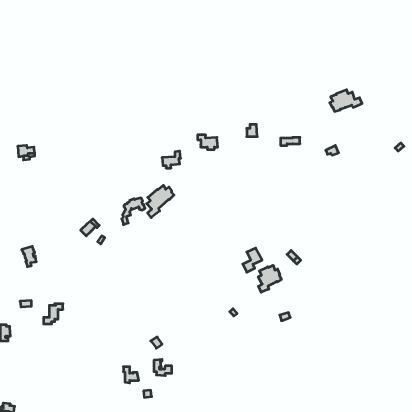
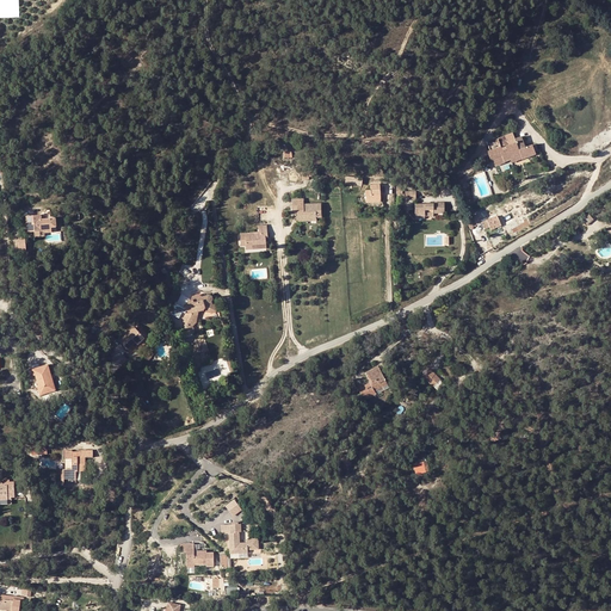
building: [147,185,174,218] -> none
building: [258,265,281,292] -> none

